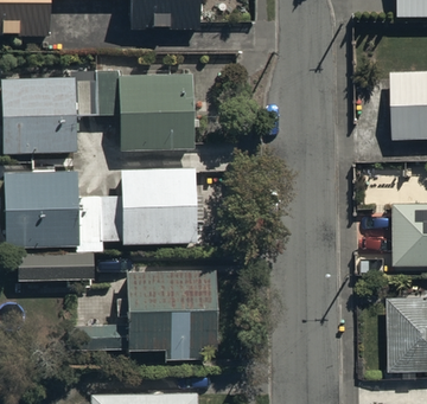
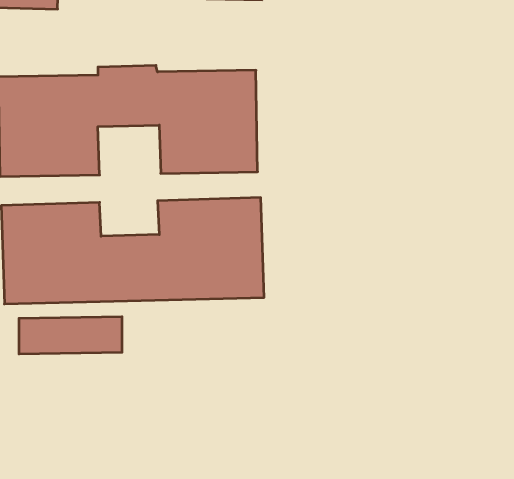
building: [66,268,214,358] -> none

